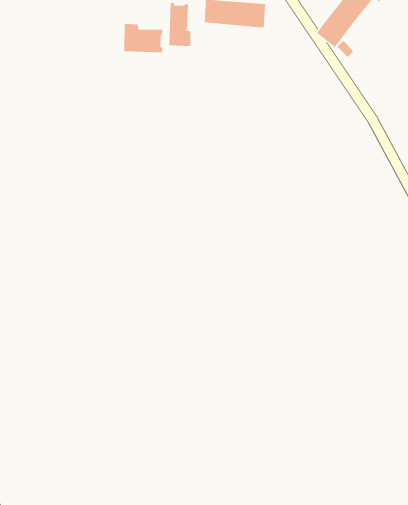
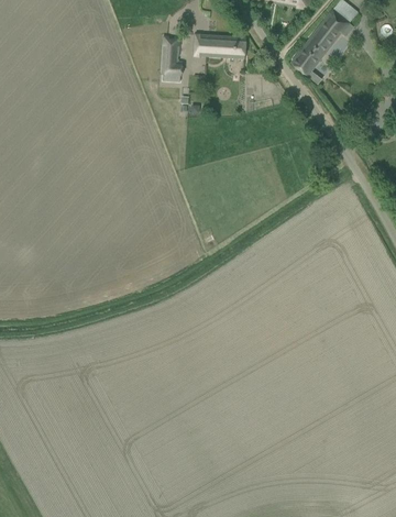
building: [124,23,163,53] -> none

